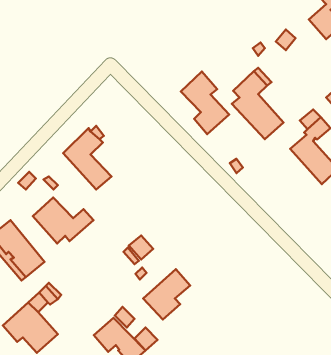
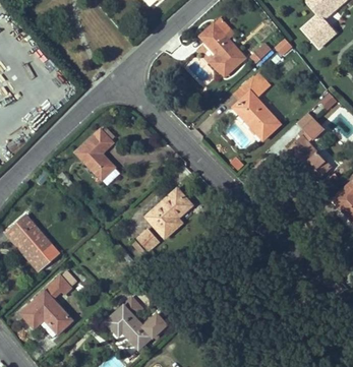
building: [181,72,229,134] -> [200,17,245,75]
building: [33,197,93,244] -> none
building: [143,269,190,319] -> [146,189,190,236]

